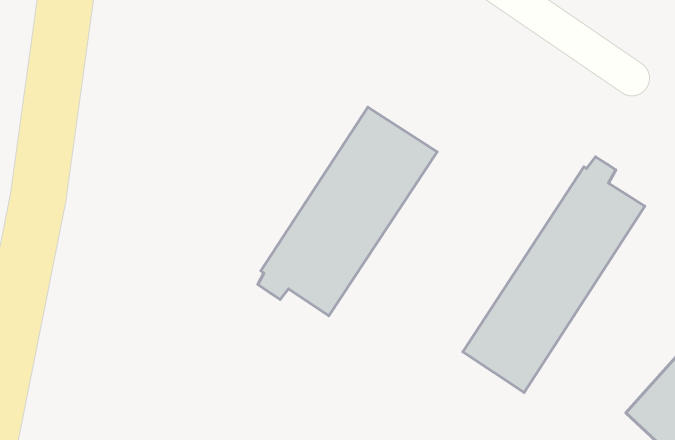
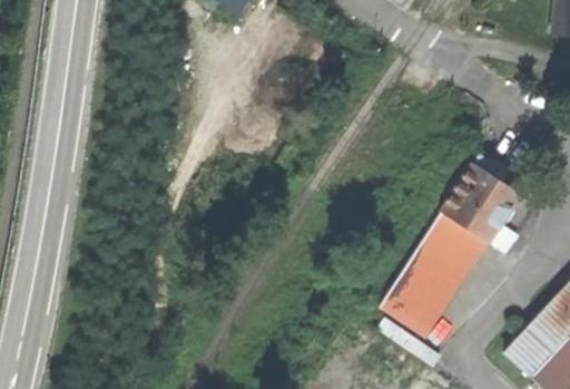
building: [258,107,437,316] -> none

